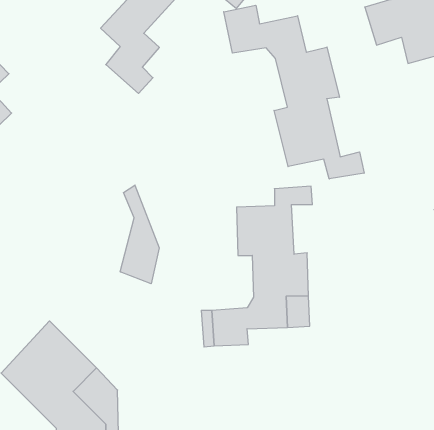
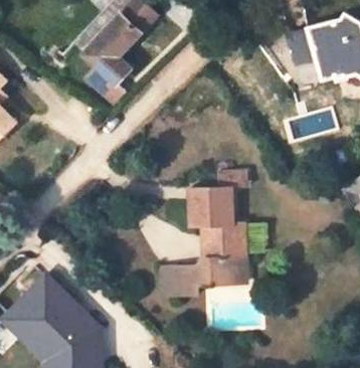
building: [224,5,364,179] -> none
building: [120,185,159,284] -> none

